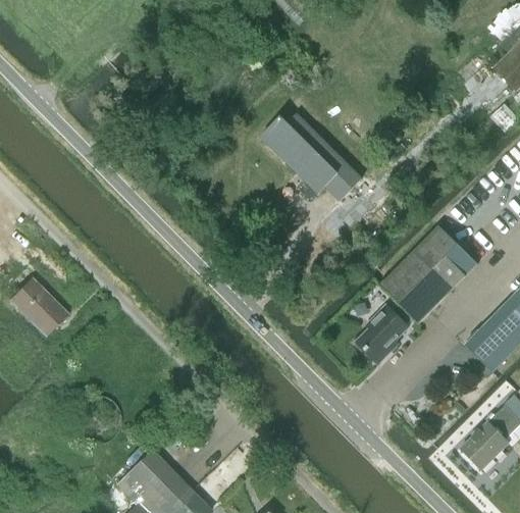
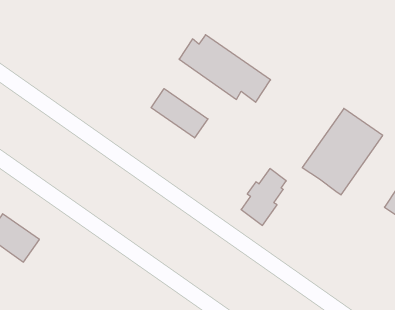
building: none -> [151,89,208,138]
building: [356,300,413,363] -> [241,169,286,225]

